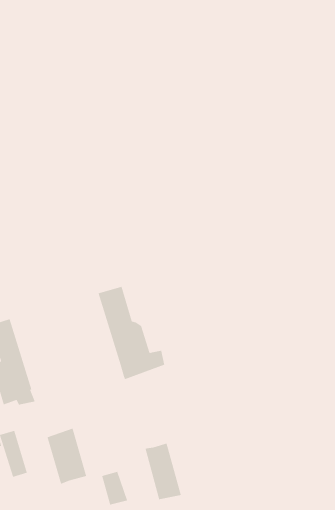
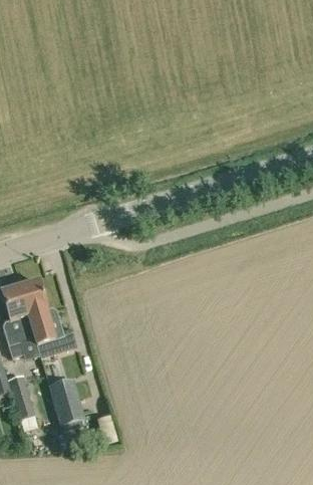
building: [98,286,165,380] -> [17,275,75,356]
building: [145,443,182,500] -> none

